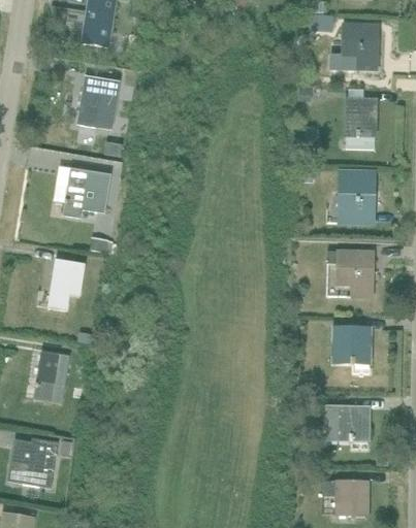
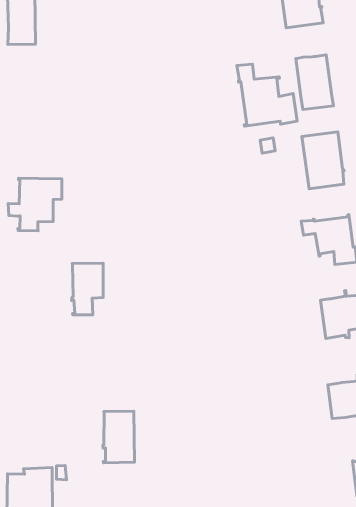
building: [76,76,119,130] -> none
building: none -> [237,64,297,126]
building: [47,260,84,310] -> [72,263,103,315]
building: [32,352,68,403] -> [103,411,134,463]

